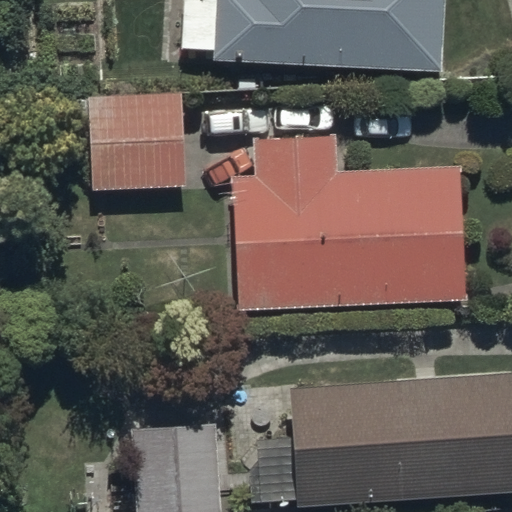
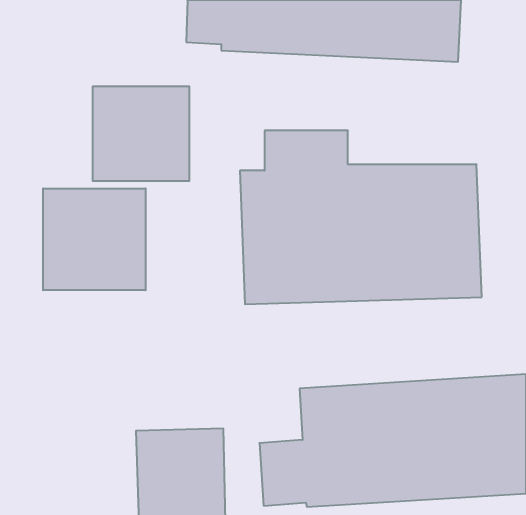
building: none -> [43,188,146,290]

